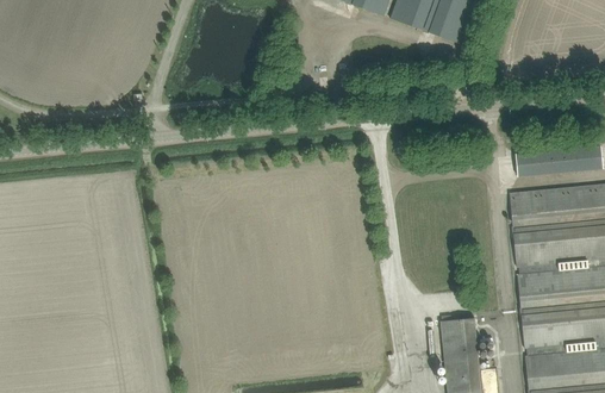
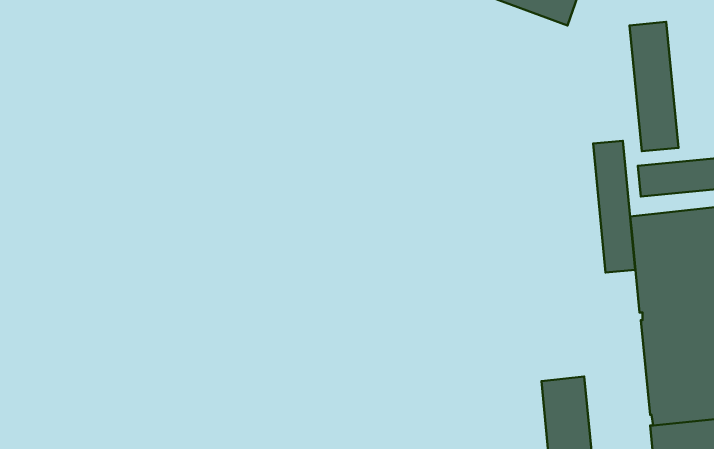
building: none -> [630,22,678,151]
building: none -> [593,141,635,273]

